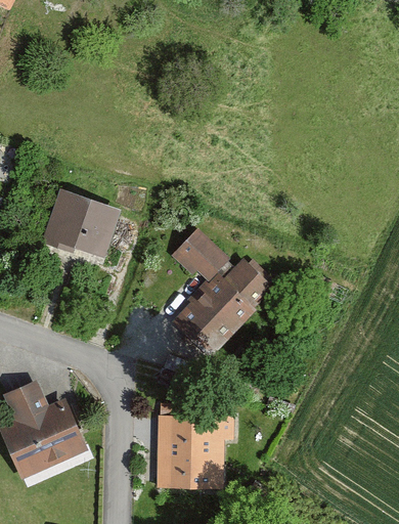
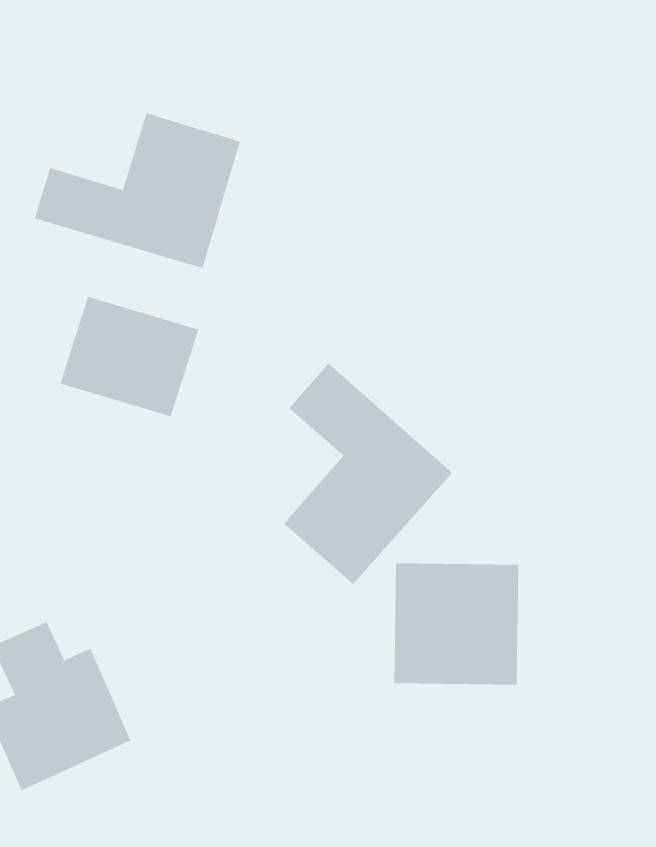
building: none -> [34,112,241,269]
building: [157,417,230,488] -> [393,563,519,685]

